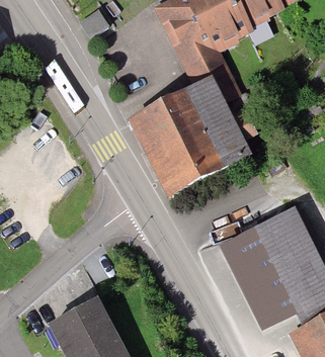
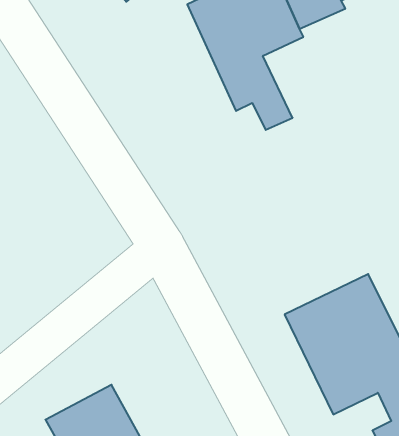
building: [131,87,242,202] -> none

